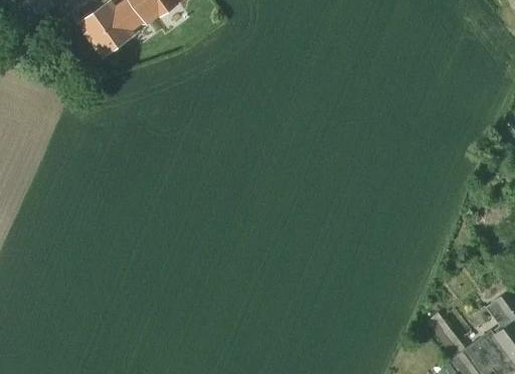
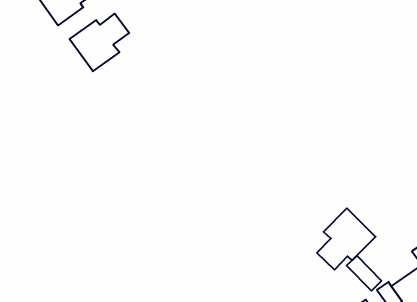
building: none -> [70,14,129,71]
building: none -> [317,208,376,270]

